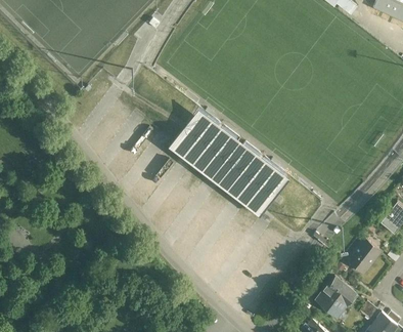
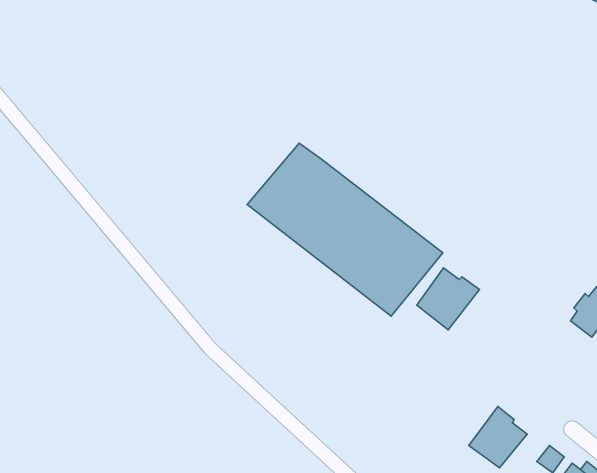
building: none -> [417,268,479,330]
building: [347,239,378,272] -> none

